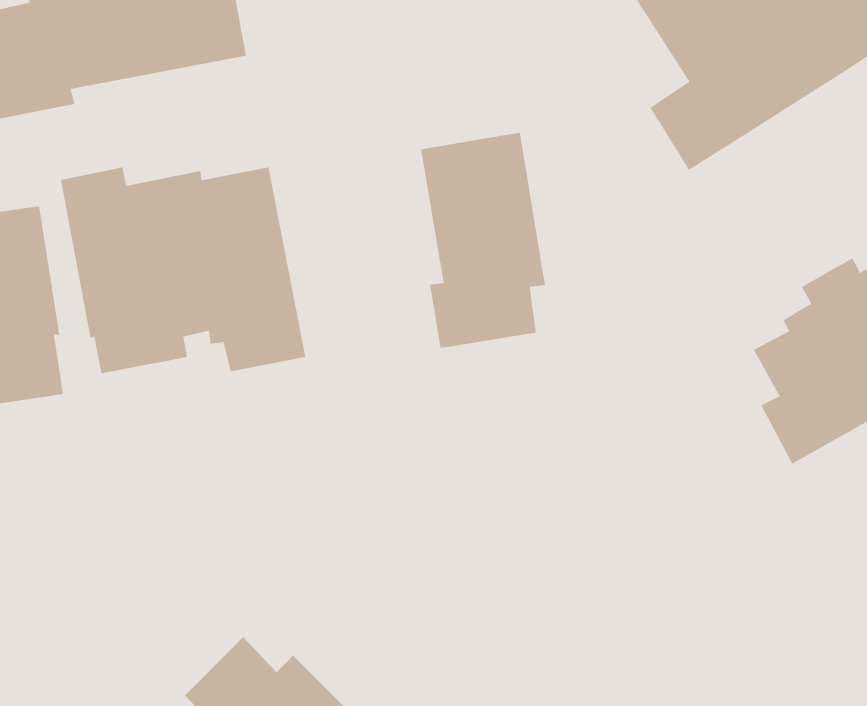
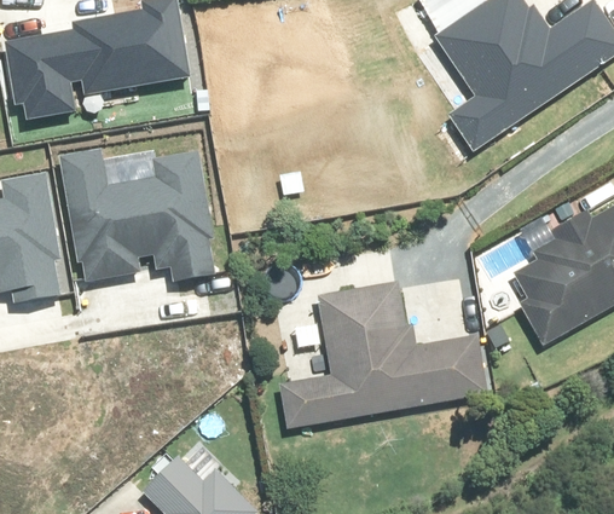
building: [421,132,546,349] -> none
building: none -> [279,281,488,434]

